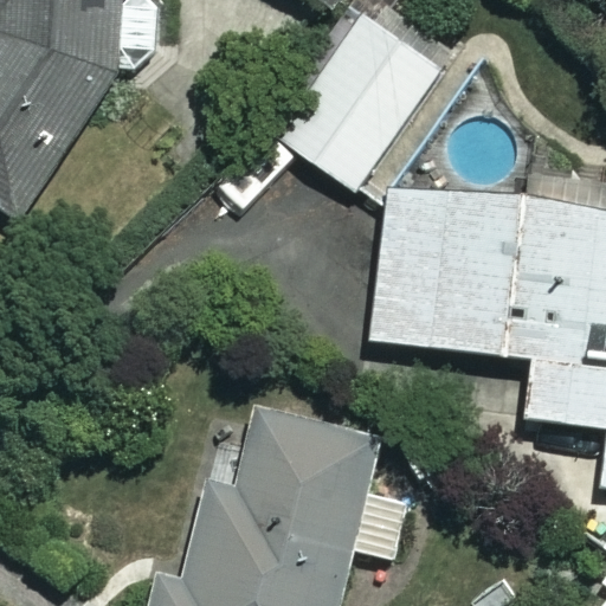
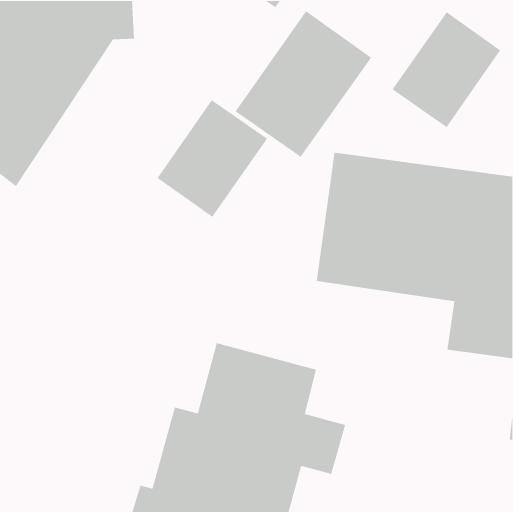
building: none -> [391,11,501,128]
building: none -> [157,99,268,218]

